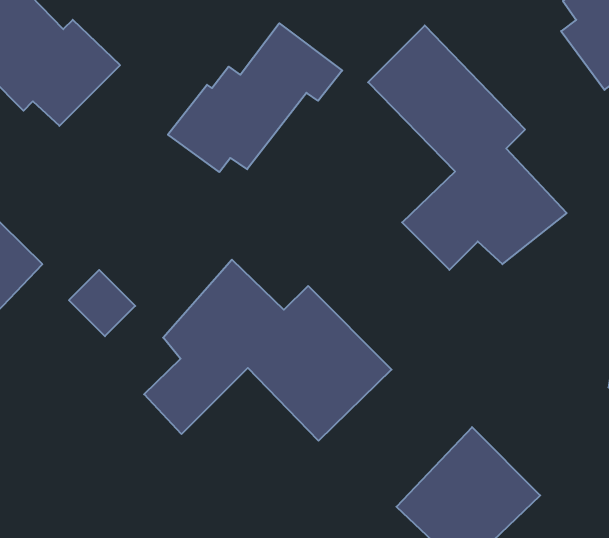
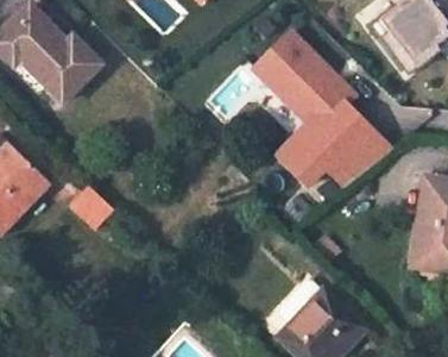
building: [168,23,342,172] -> none
building: [144,260,392,441] -> none

